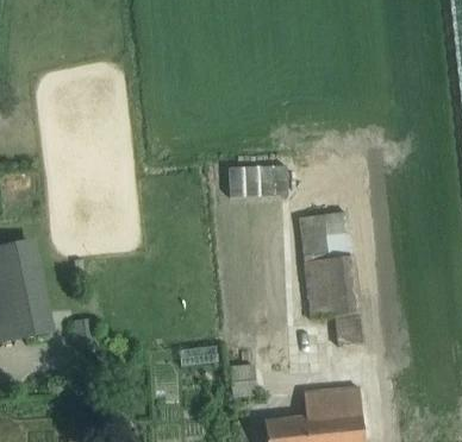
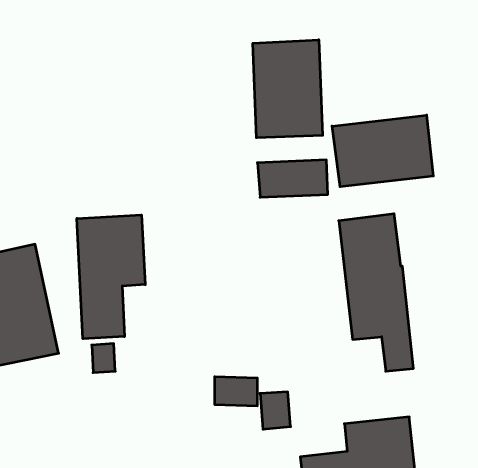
building: none -> [253,40,323,138]
building: none -> [332,115,433,187]
building: none -> [77,215,145,339]

